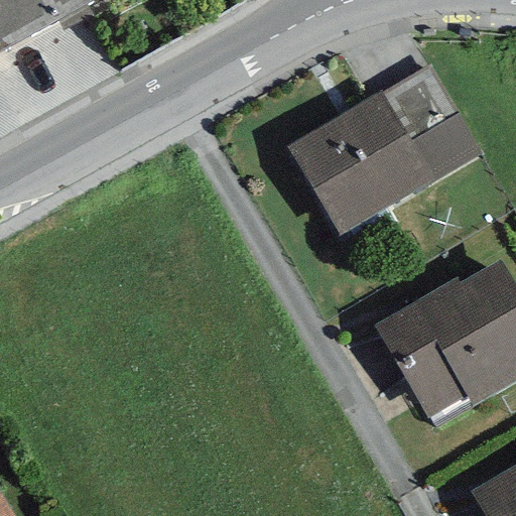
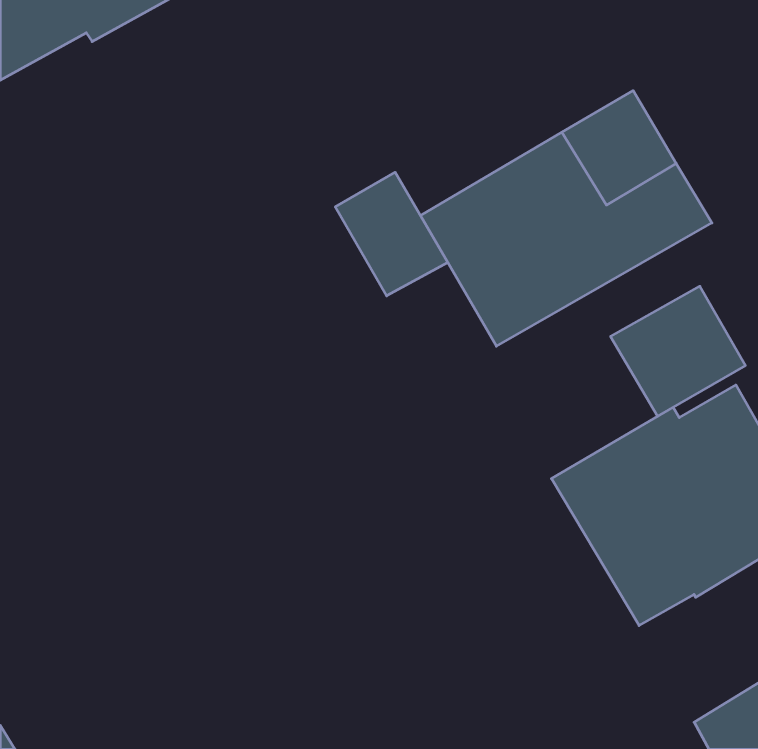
building: none -> [335,172,448,296]
building: none -> [611,286,745,416]

